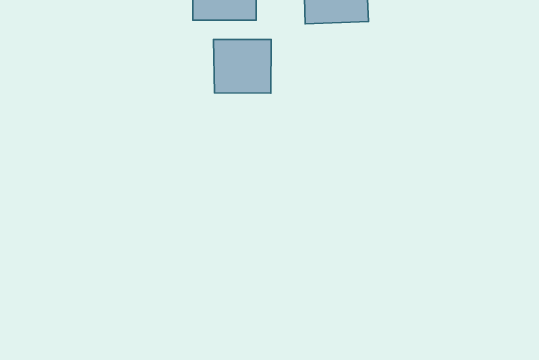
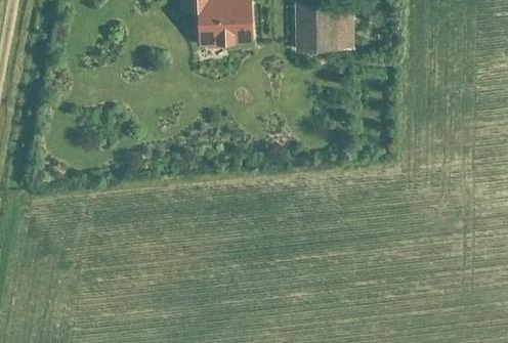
building: [214,40,271,93] -> none

